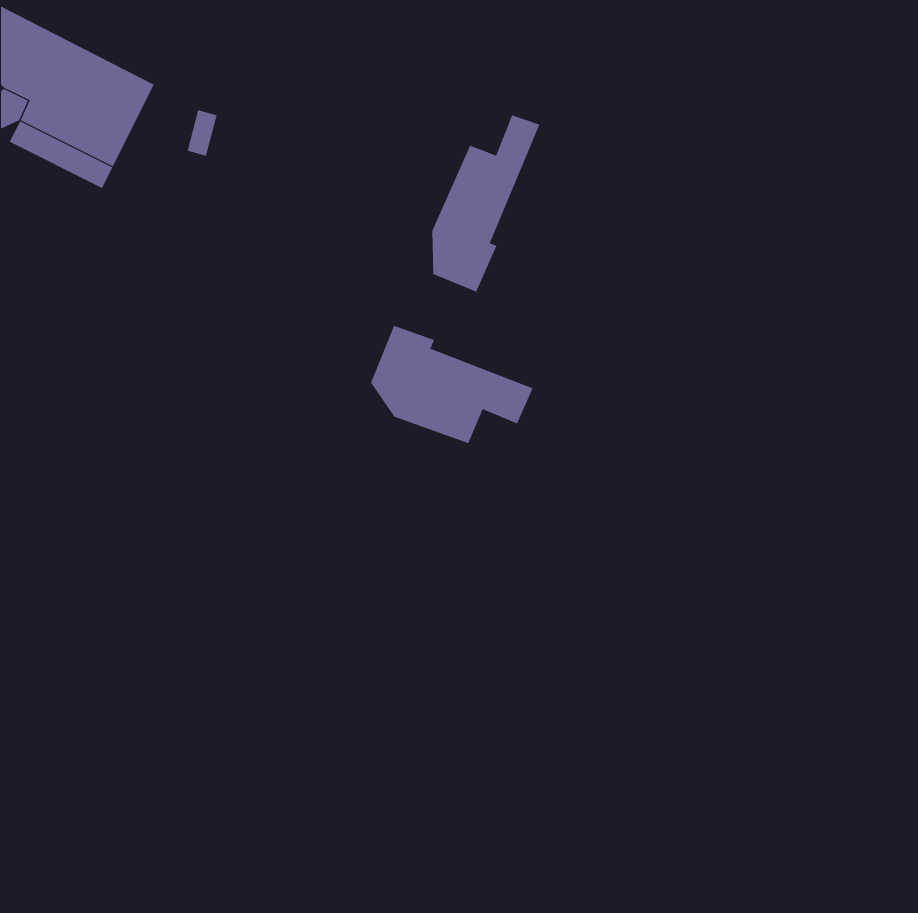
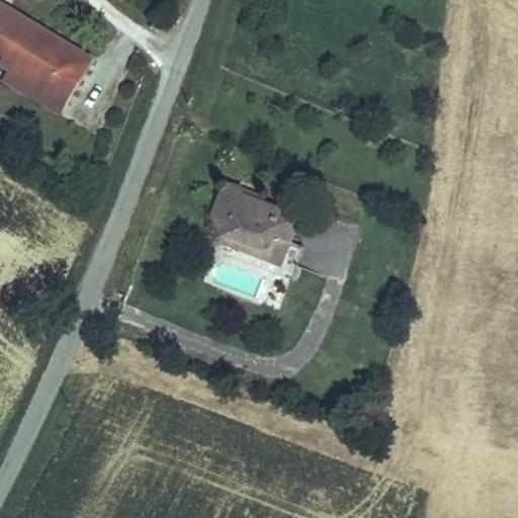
building: [432,114,540,292] -> none
building: none -> [219,231,291,267]

